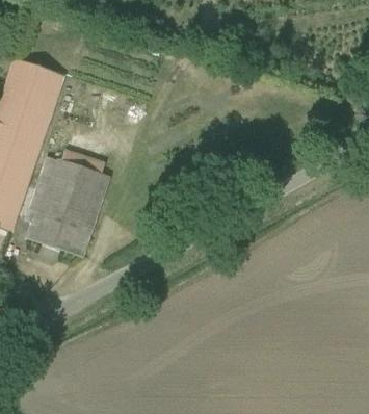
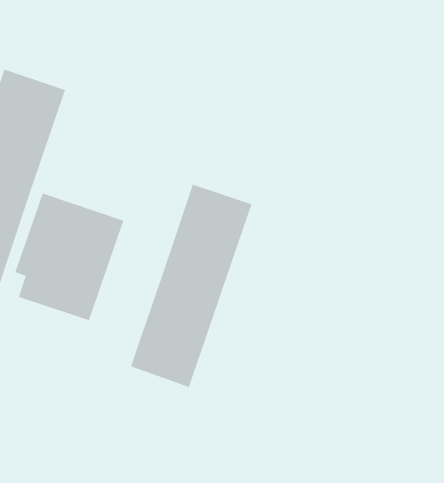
building: none -> [130,184,252,388]

